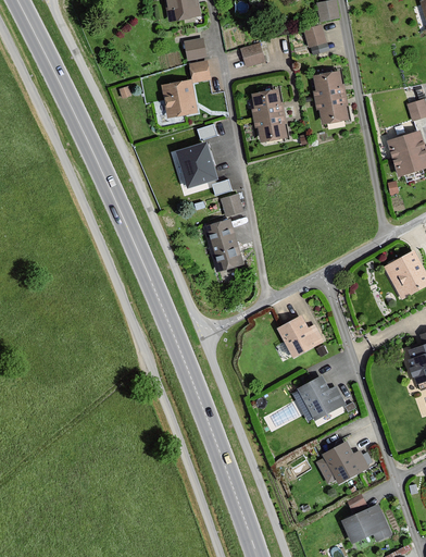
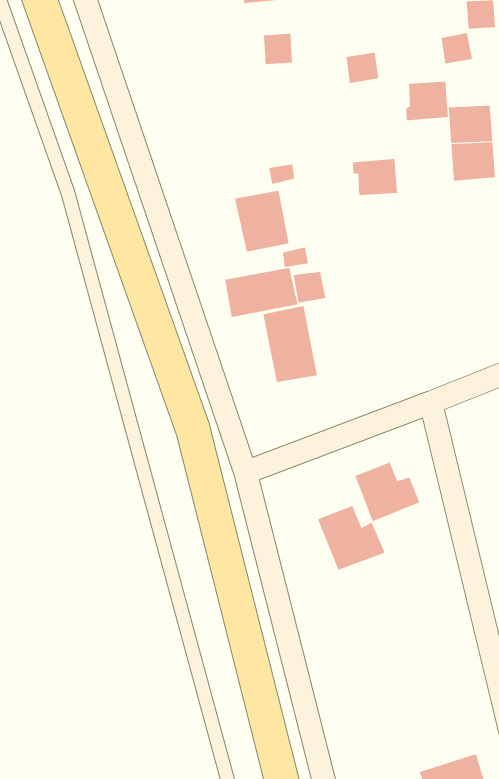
building: [162,61,210,116] -> none
building: [251,89,280,119] -> [406,81,449,121]
building: none -> [224,267,298,318]
building: [297,375,344,420] -> [317,505,385,570]
building: [315,442,367,483] -> none

